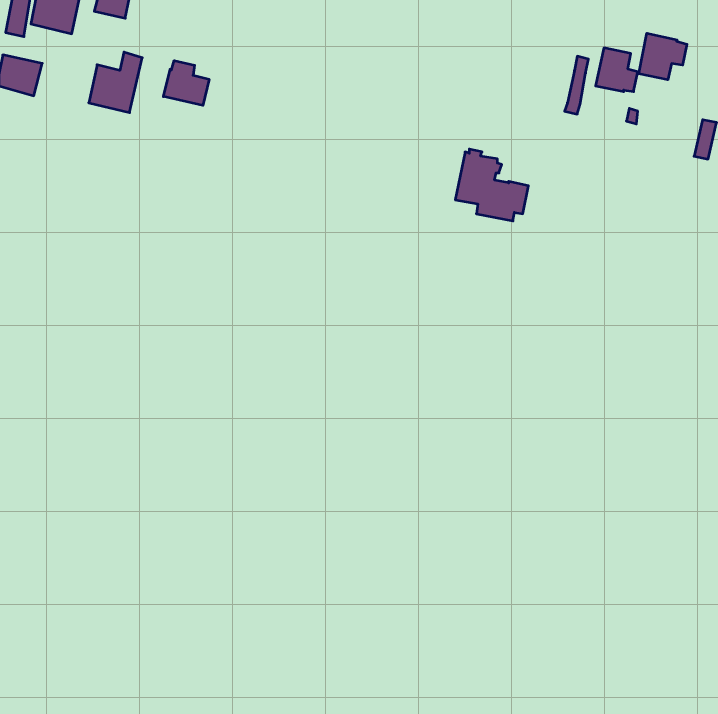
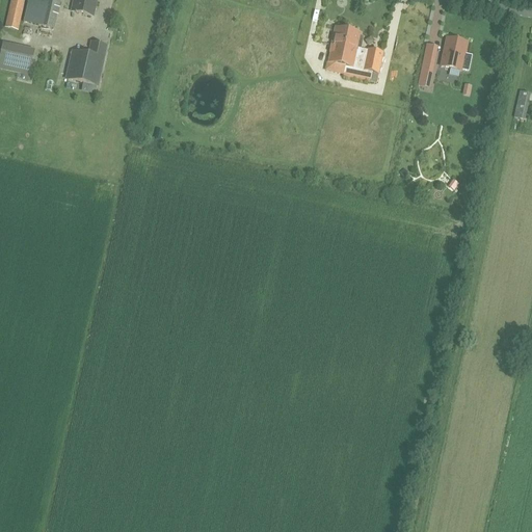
building: [639,33,687,80] -> none
building: [163,61,209,105] -> none
building: [455,149,528,221] -> [327,22,381,75]

